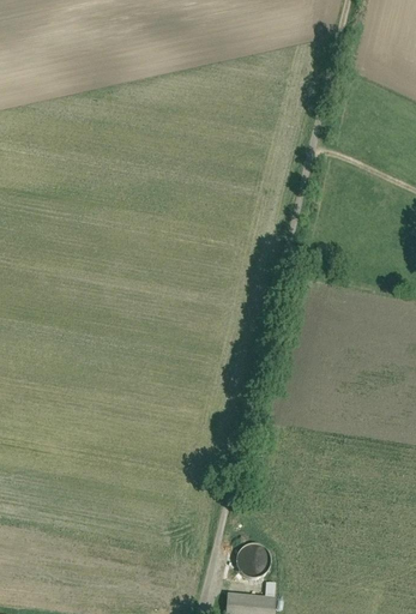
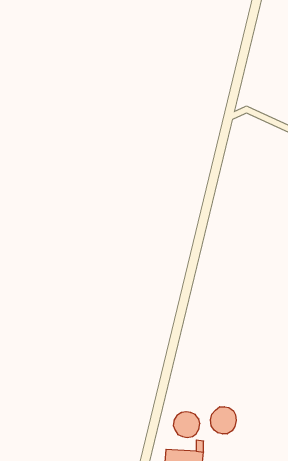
building: none -> [211,407,236,434]

